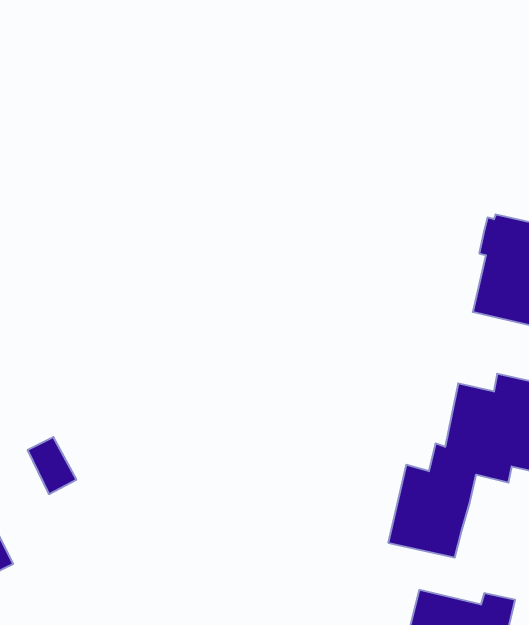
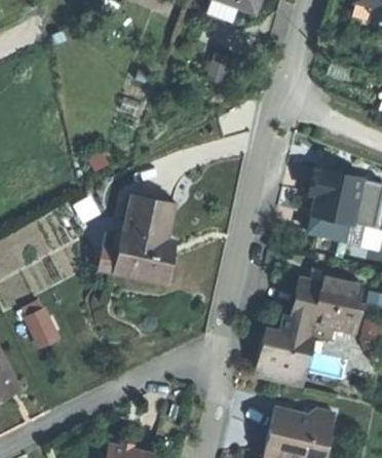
building: none -> [112,190,175,275]

